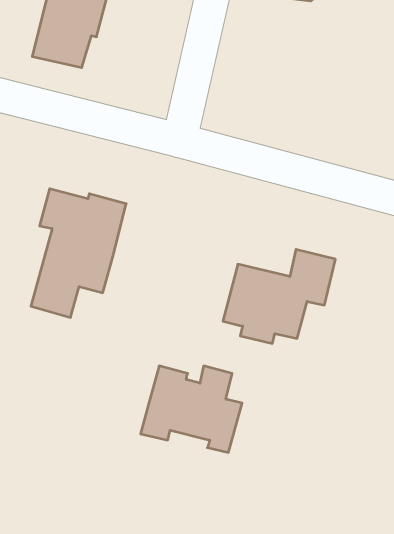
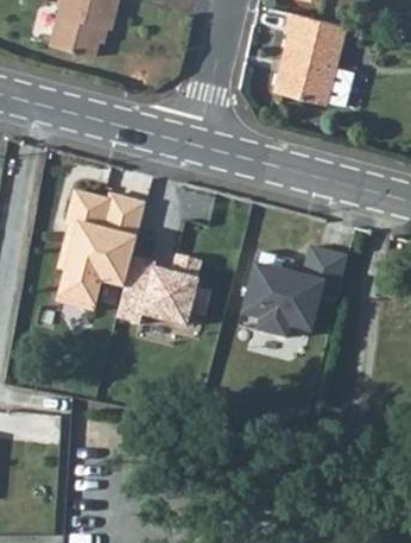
building: none -> [289,17,362,108]
building: [141,366,242,452] -> [114,248,211,332]

